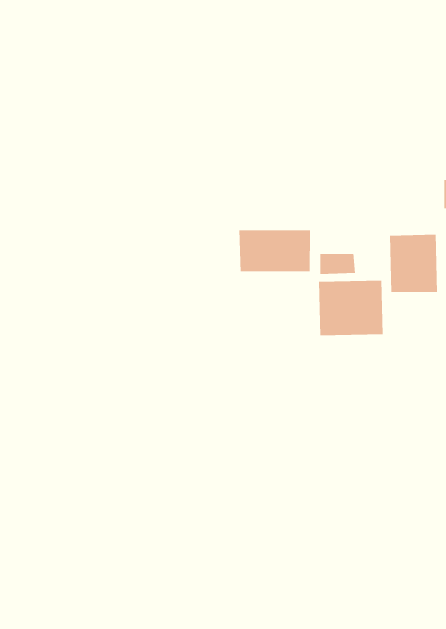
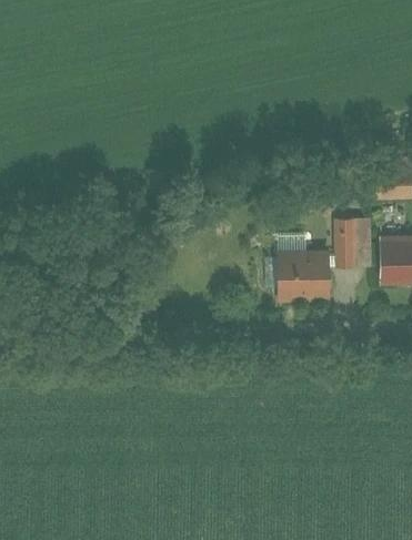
building: [239,230,310,272] -> none

